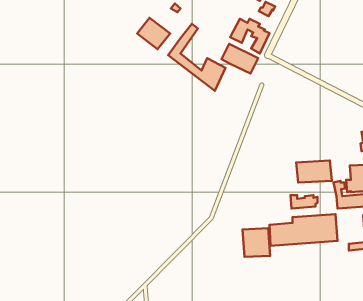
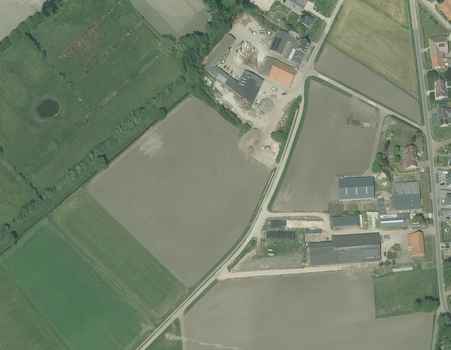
building: [137,18,170,49] -> none
building: [242,228,270,257] -> none

